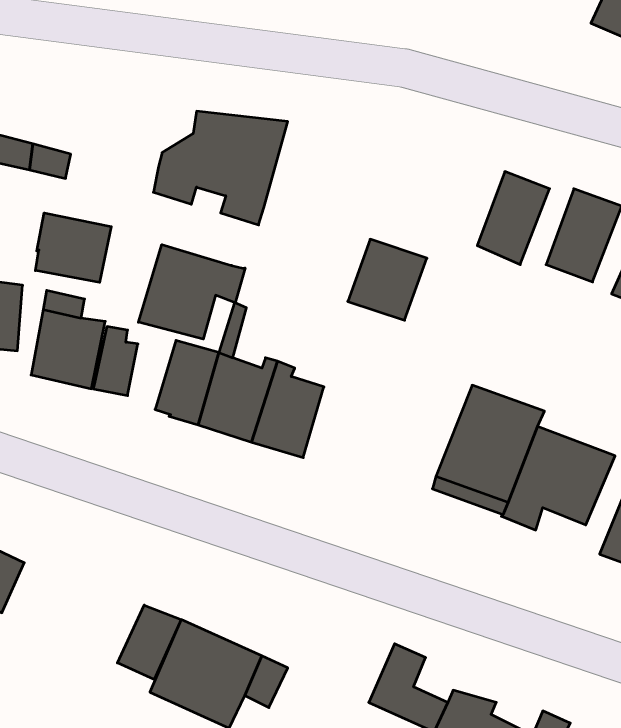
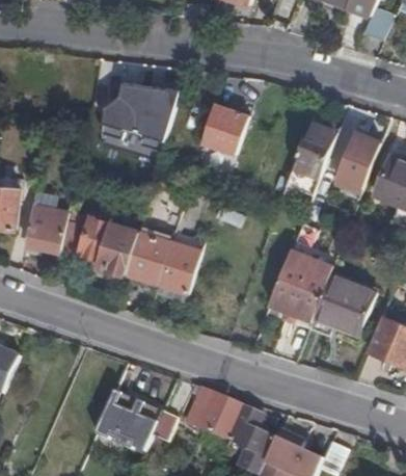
building: [35,213,111,282] -> none
building: [348,239,427,320] -> [200,102,248,151]
building: [138,245,245,339] -> none
building: [117,605,181,679] -> none
building: none -> [185,387,242,440]

